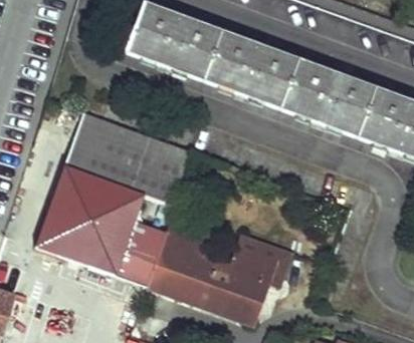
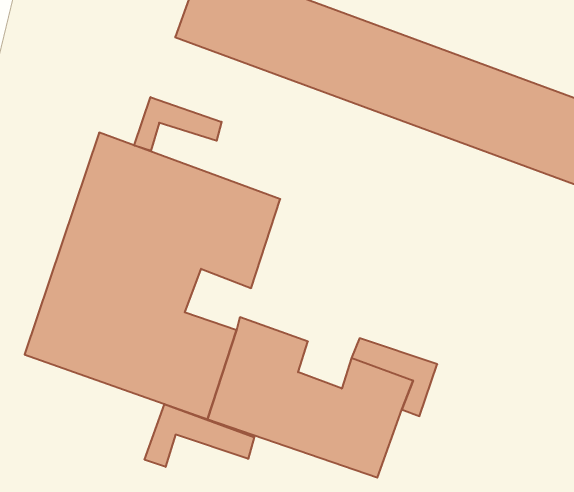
building: none -> [134,97,222,151]
building: none -> [145,404,254,467]

